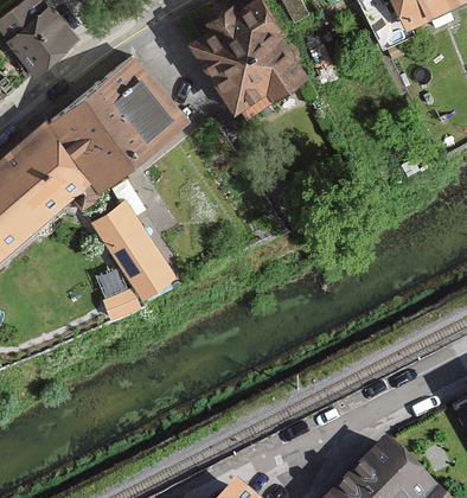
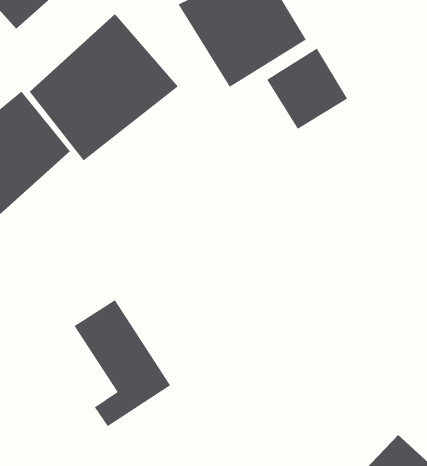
building: none -> [266,48,348,130]
building: [89,192,180,312] -> [73,299,171,427]

